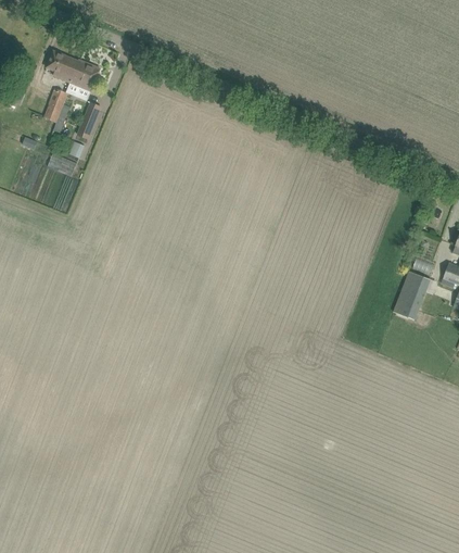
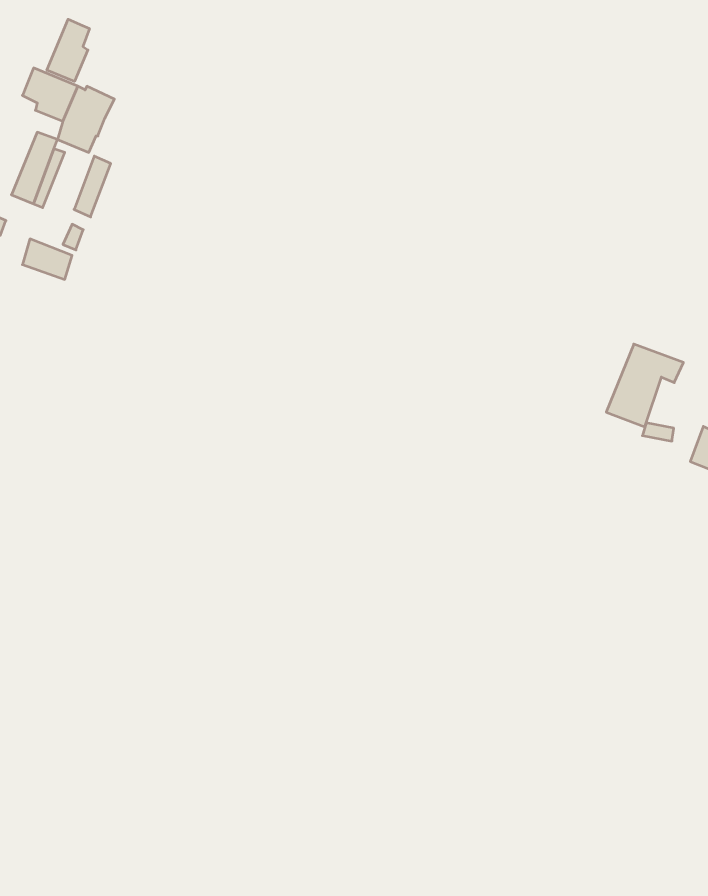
building: none -> [47,19,89,81]
building: [393,271,438,319] -> [606,344,683,427]

